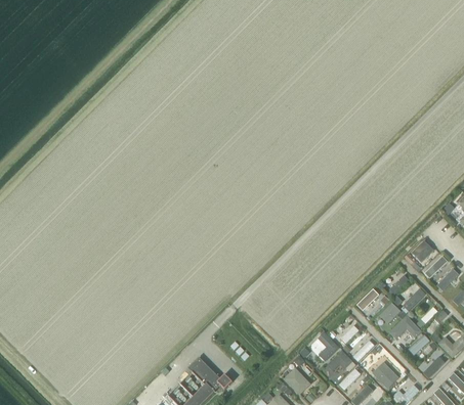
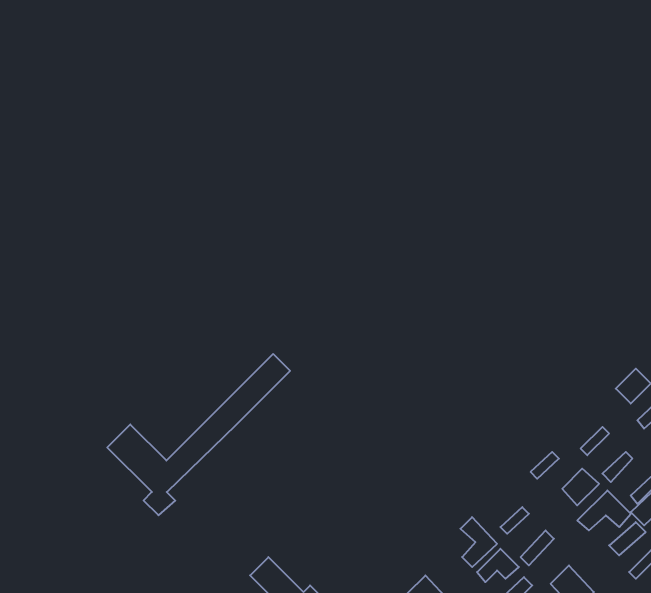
building: none -> [107,354,290,515]

